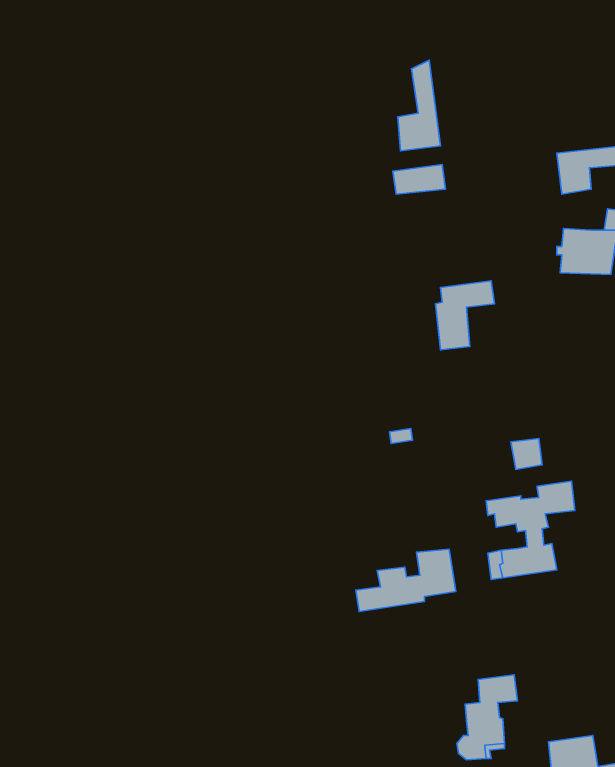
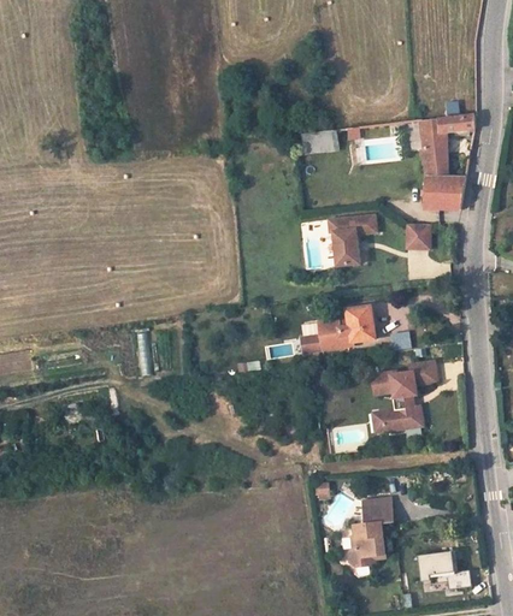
building: [398,60,440,151] -> none
building: none -> [423,147,447,177]
building: none -> [406,223,430,248]
building: [356,549,456,611] -> [301,307,375,353]

